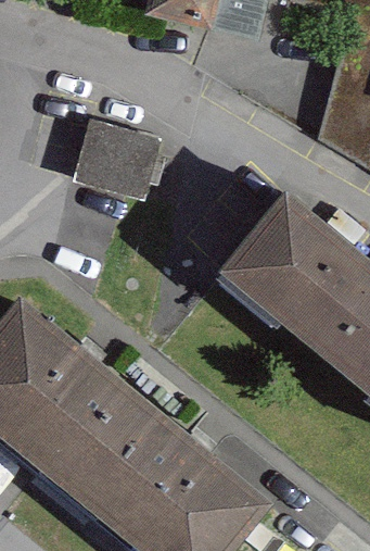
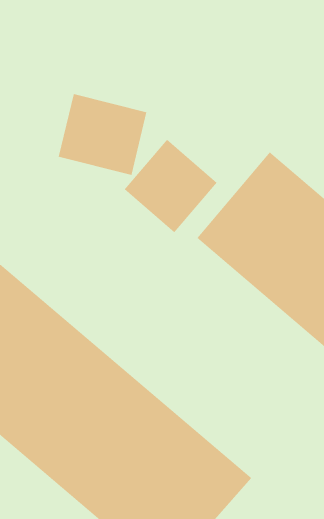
building: none -> [124,139,217,233]

